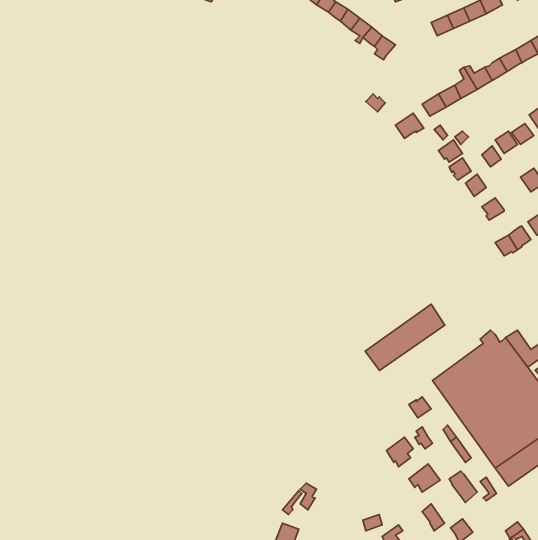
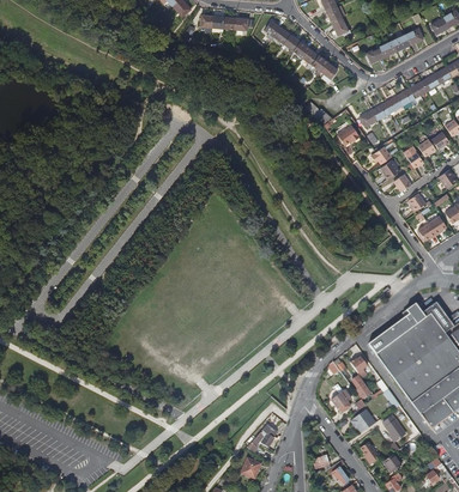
building: [365,304,445,371] -> none

